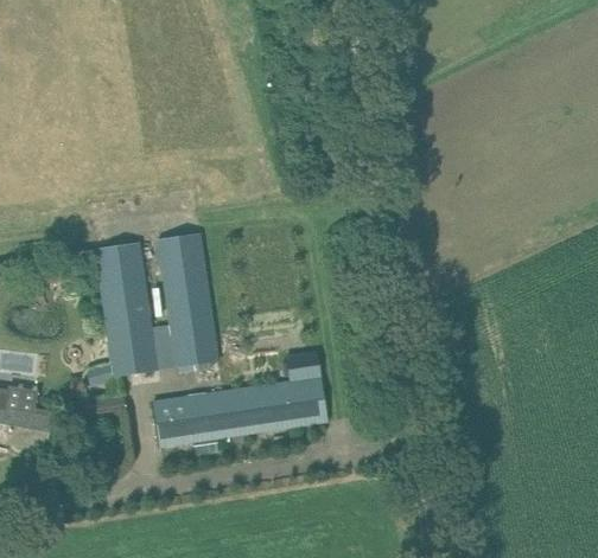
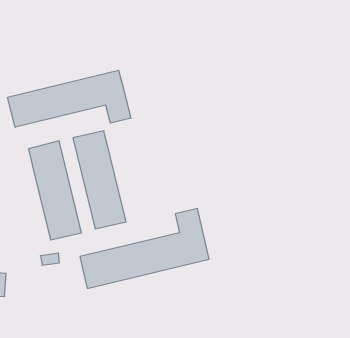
building: none -> [8,70,131,127]

